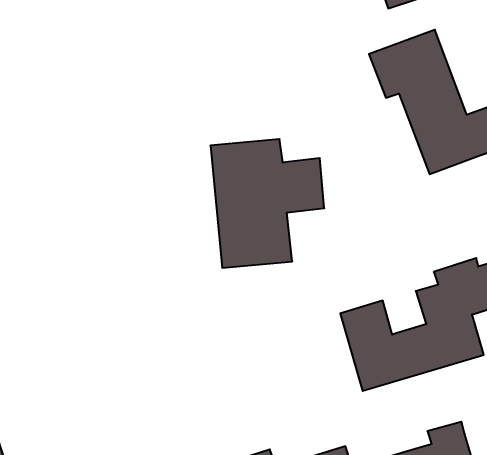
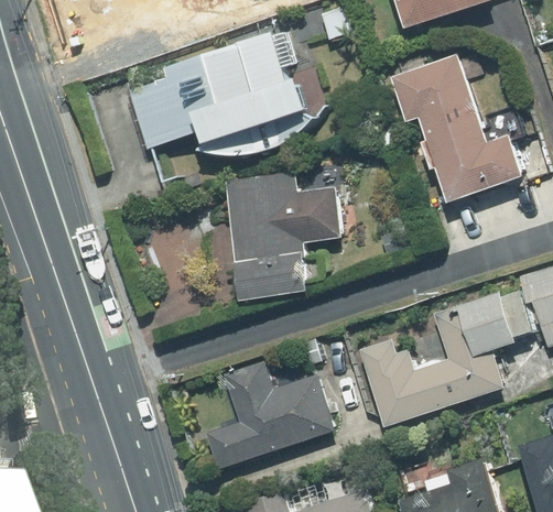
building: none -> [127,34,311,151]
building: none -> [206,360,334,468]

